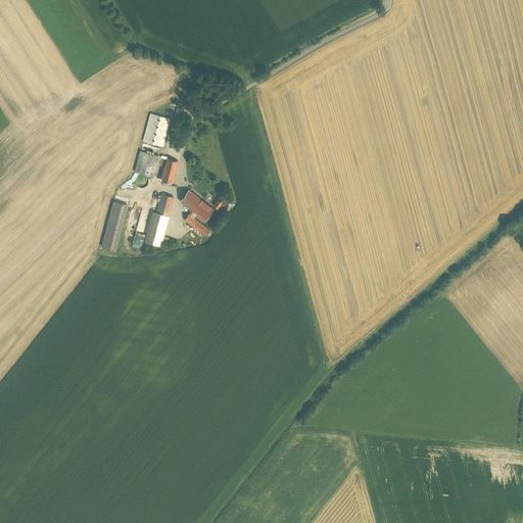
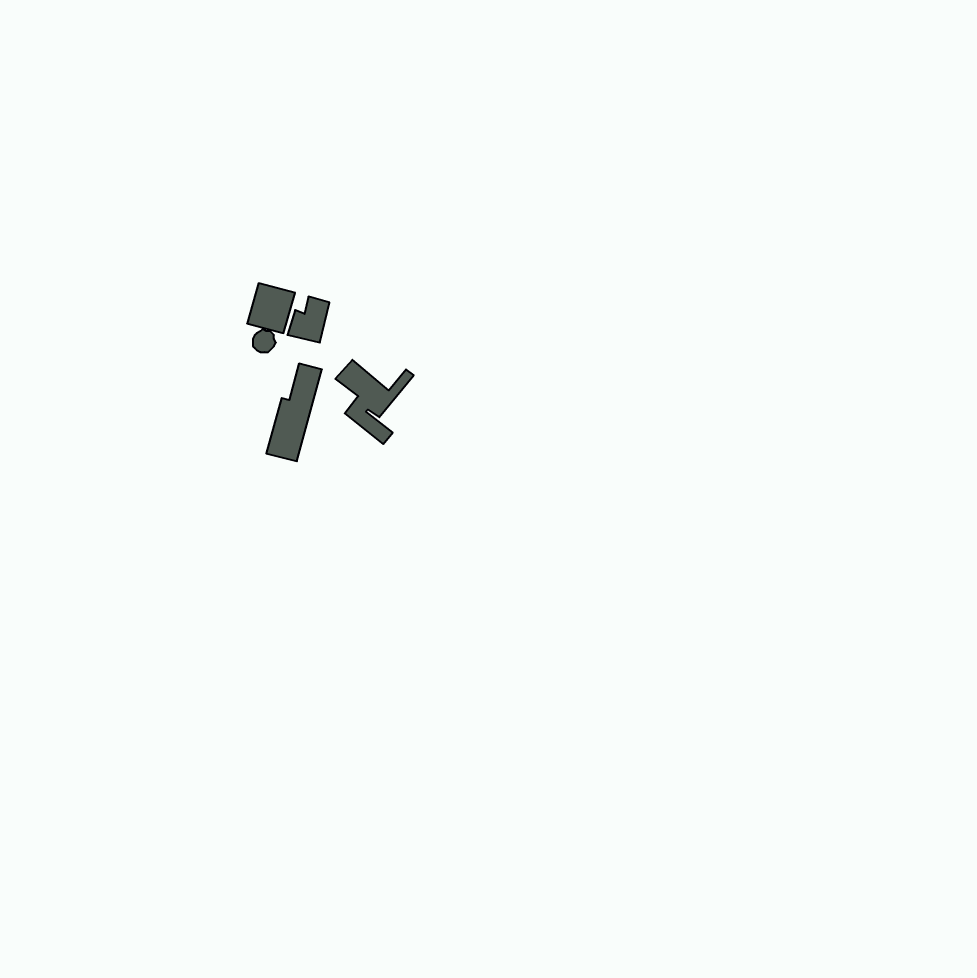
building: [141,114,169,146] -> none
building: [102,199,130,250] -> none

